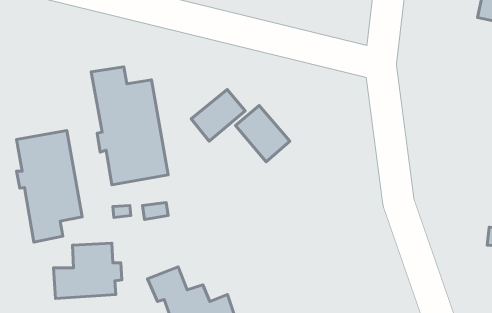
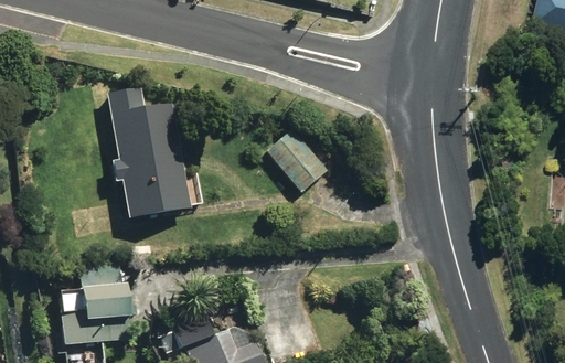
building: [191,89,245,141] -> none
building: [16,131,82,242] -> none

